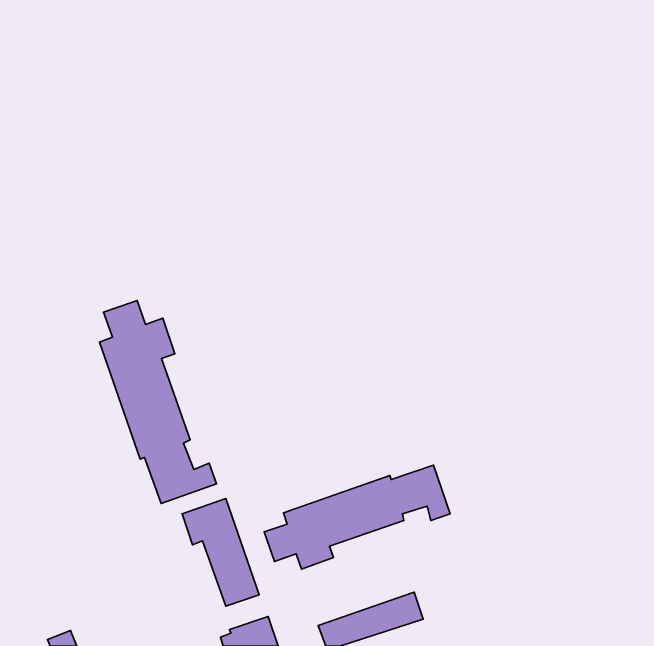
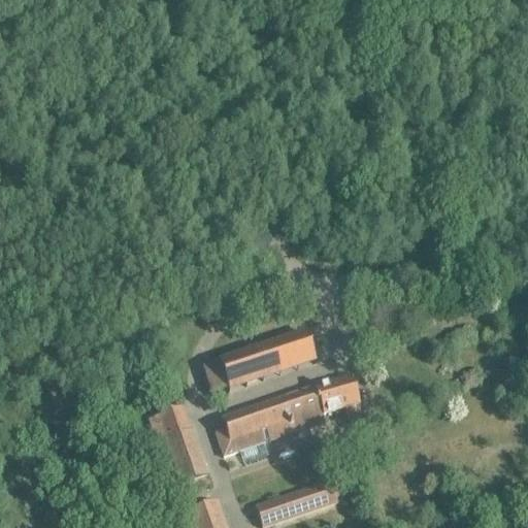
building: [100,300,217,504] -> none
building: none -> [219,327,314,388]

